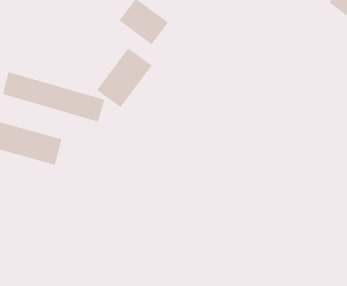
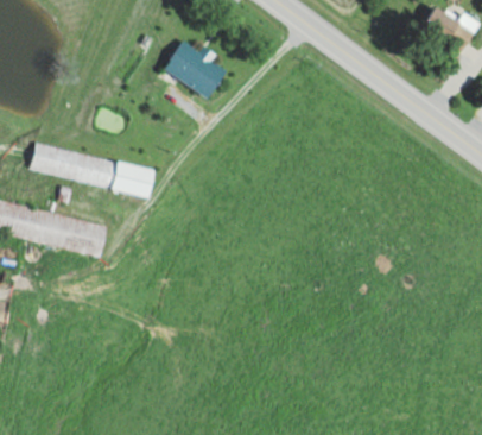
building: [96,48,152,108] -> none

